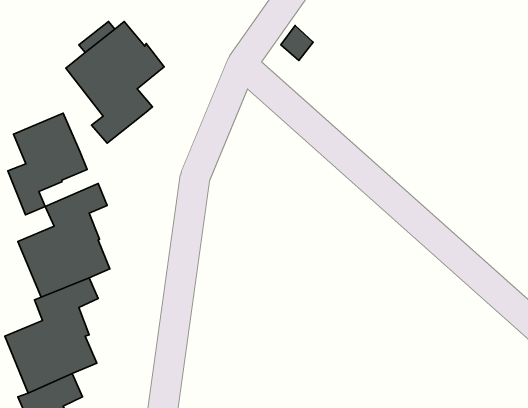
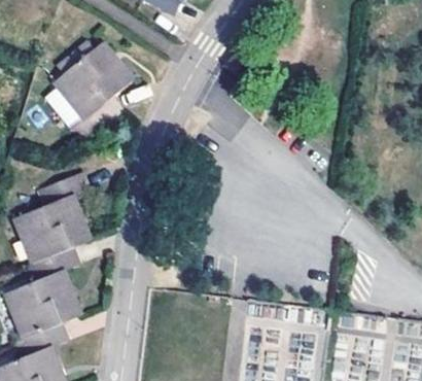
building: [8,113,87,215] -> none

